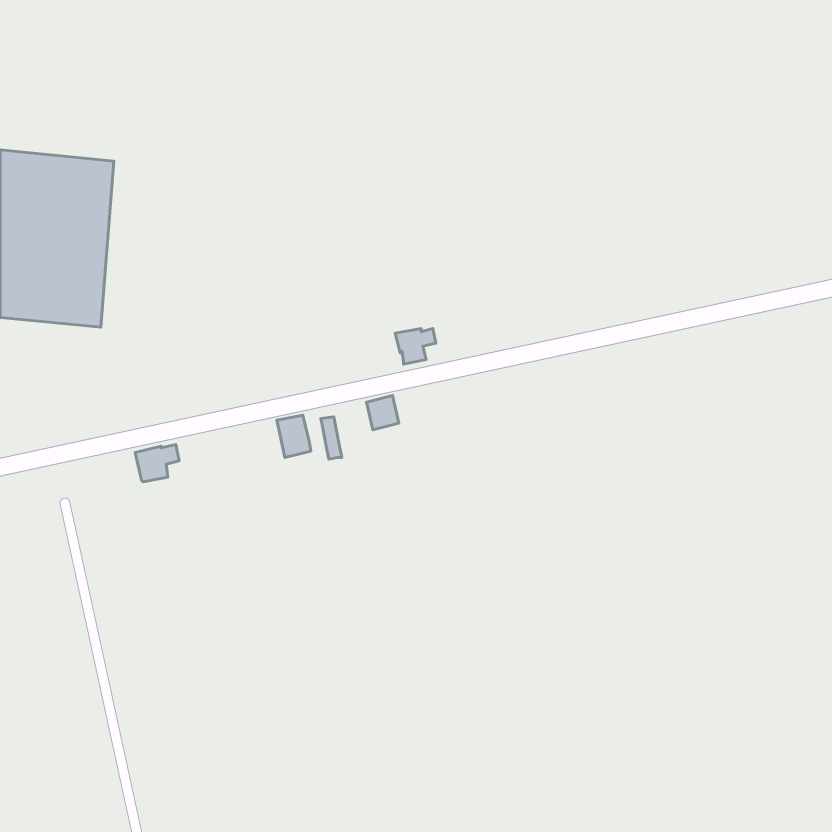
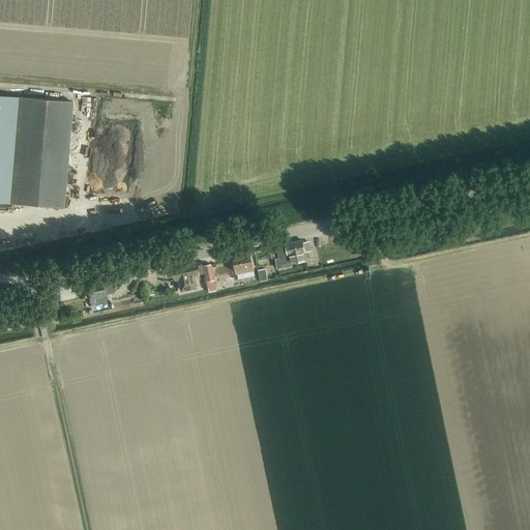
building: [395,328,436,364] -> [286,241,312,264]

